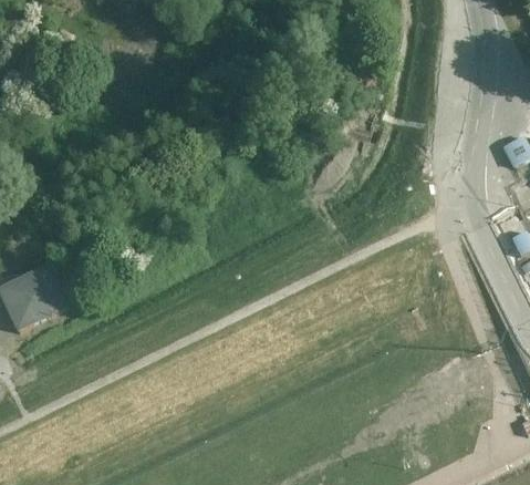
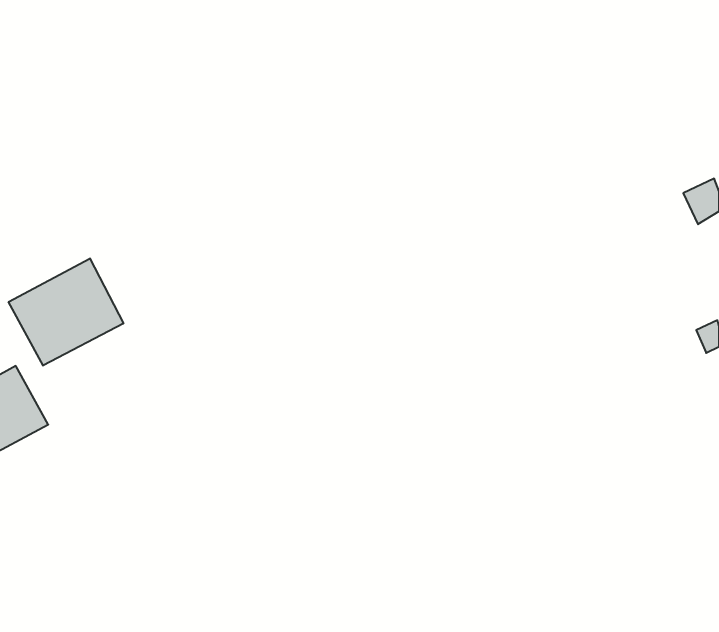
building: none -> [9,258,123,366]

